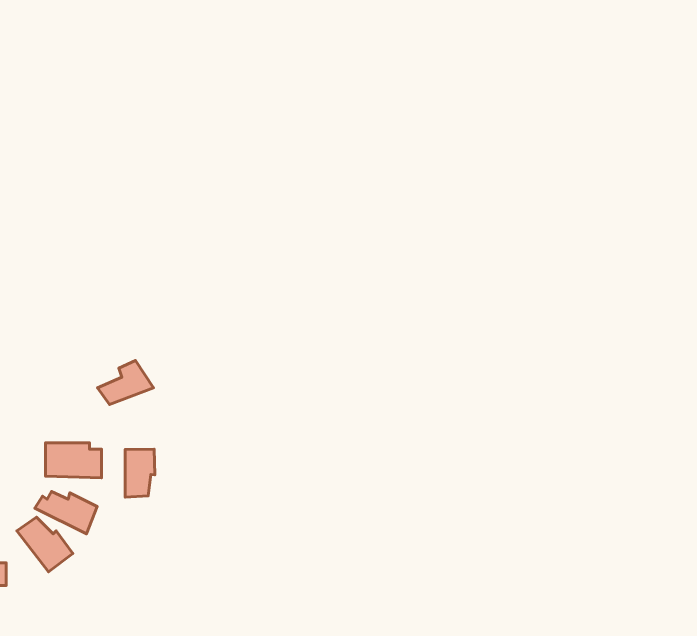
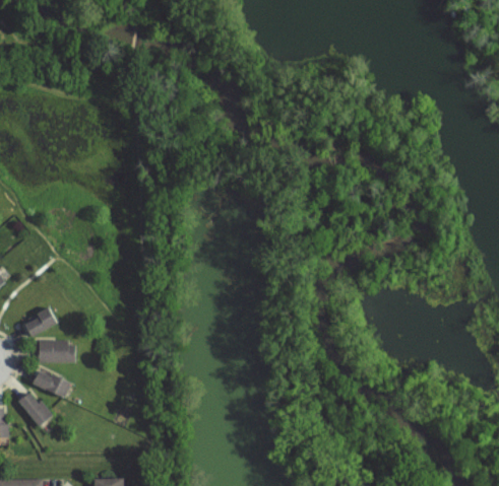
building: [97,361,154,405] -> [21,306,59,336]
building: [125,449,155,497] -> none

